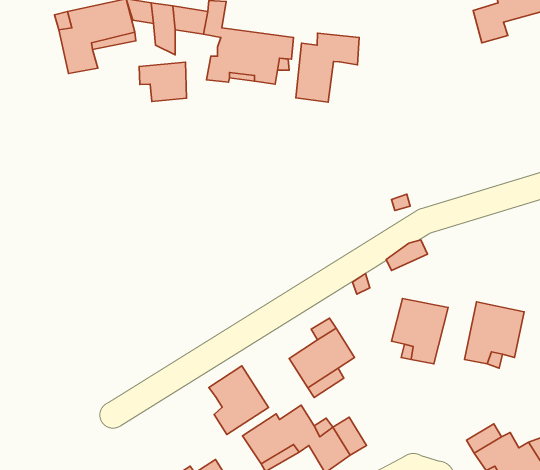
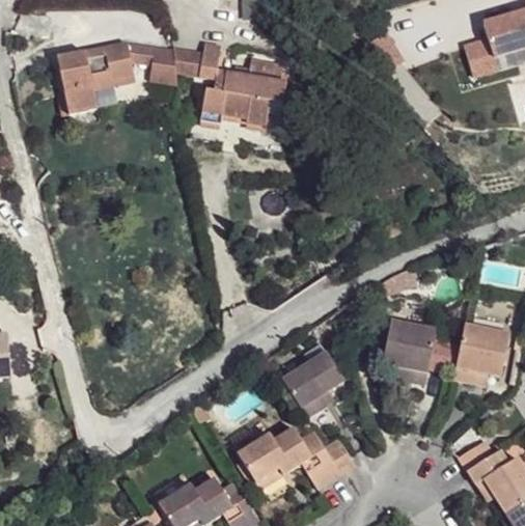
building: [296,33,359,102] -> none
building: [139,62,187,102] -> none
building: [209,366,268,434] -> none

